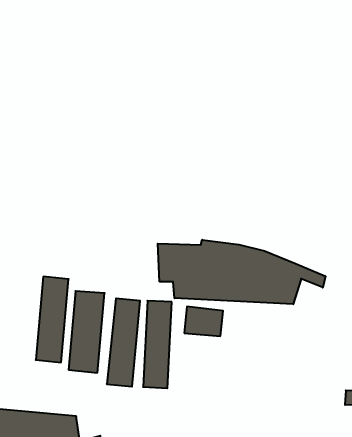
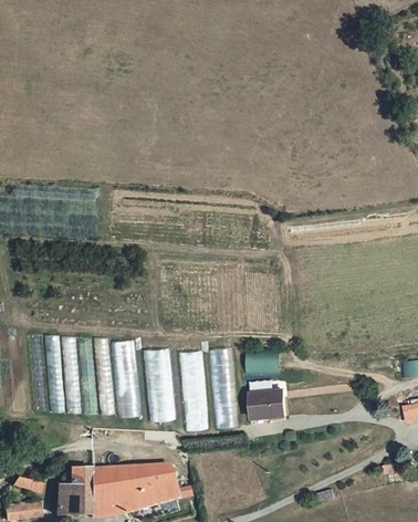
building: [158,240,325,304] -> none
building: none -> [243,389,280,419]

